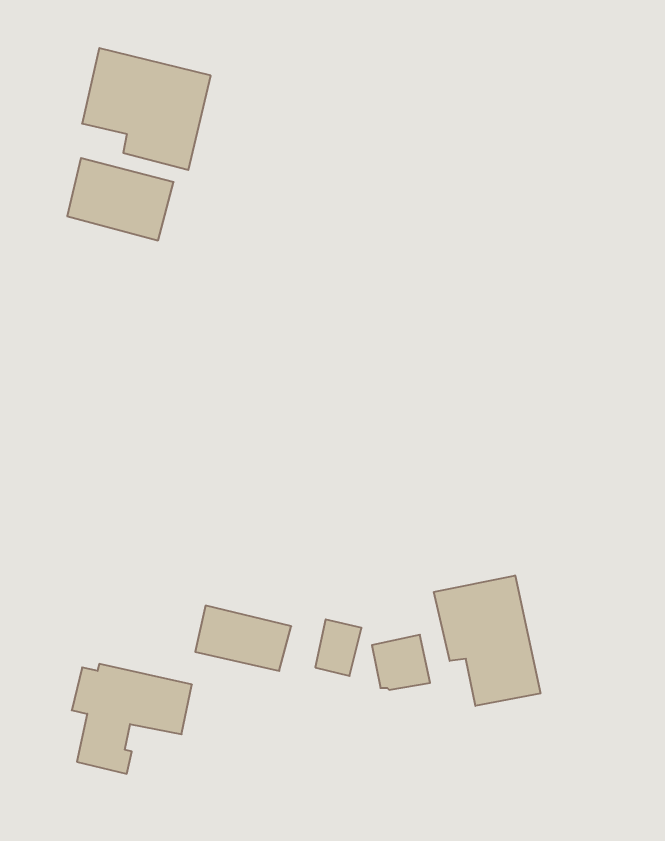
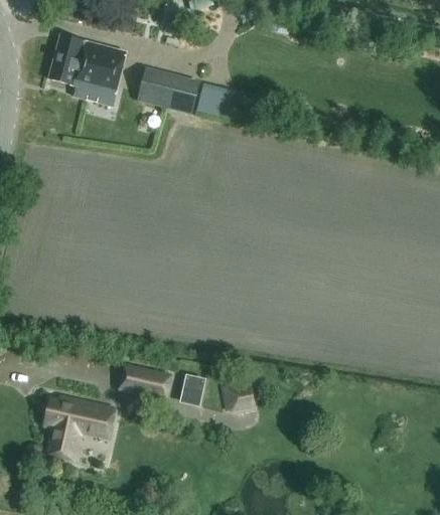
building: none -> [196,81,223,115]
building: [67,158,174,240] -> [137,65,199,114]
building: [434,575,540,706] -> none

